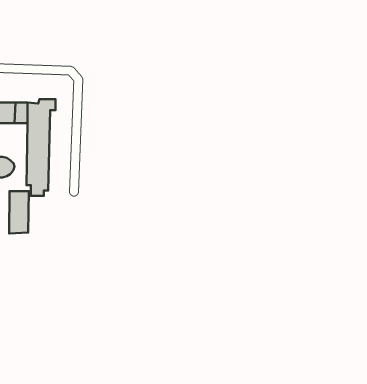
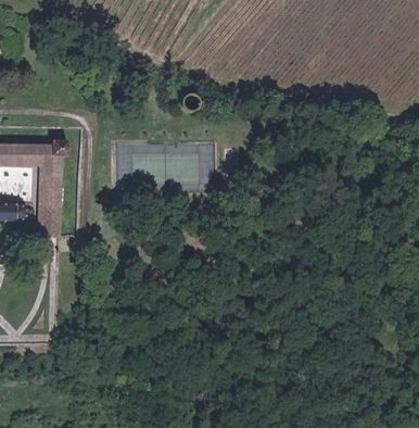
building: [9,191,29,233] -> none

